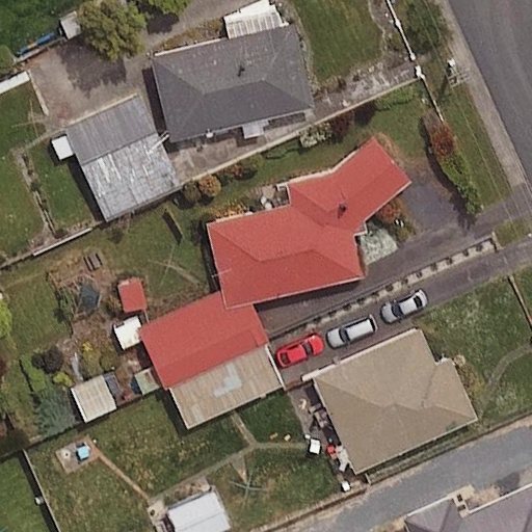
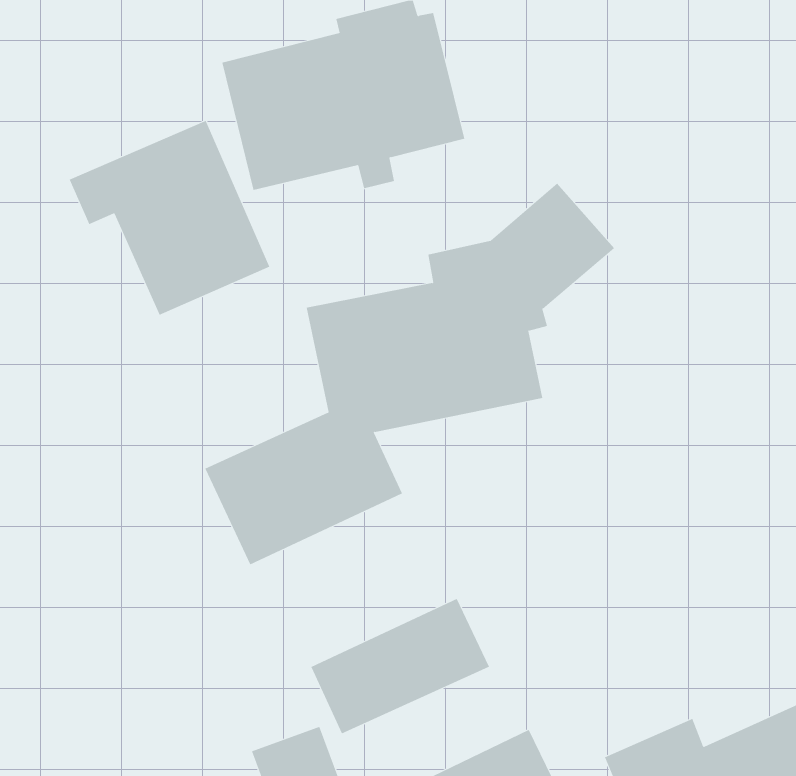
building: [313,329,475,472] -> none
building: [167,345,287,435] -> [310,598,490,734]

